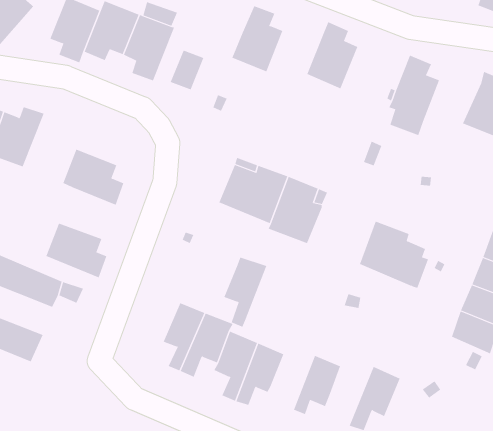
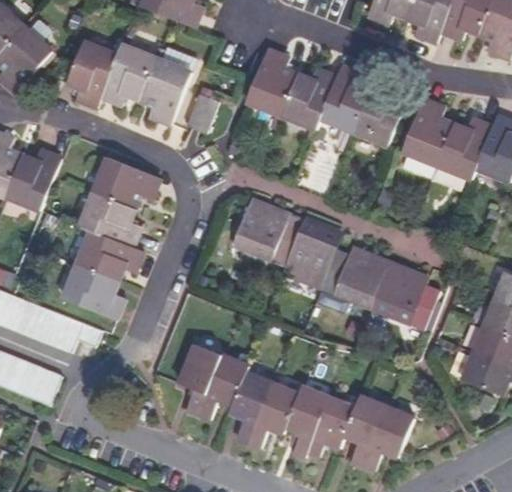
building: none -> [281,68,337,130]
building: none -> [354,85,409,146]
building: none -> [431,118,492,190]
building: none -> [92,157,158,208]
building: none -> [75,230,141,281]
building: none -> [321,250,388,306]
building: [224,257,267,328] -> [285,387,328,457]
building: none -> [344,396,386,466]

